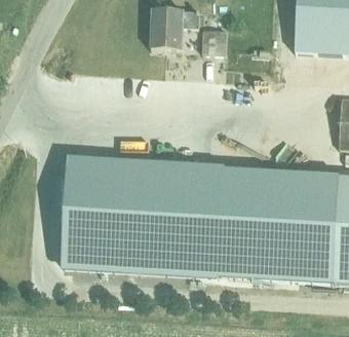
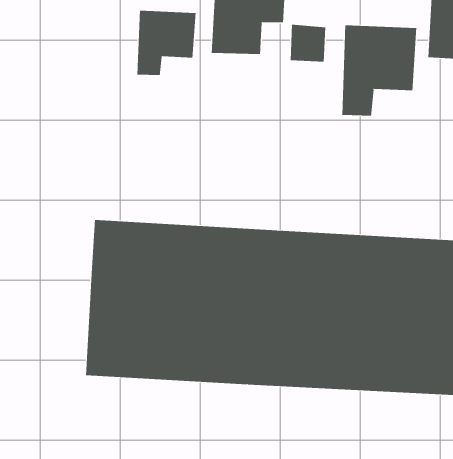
building: none -> [137,10,196,76]
building: none -> [342,24,417,116]

